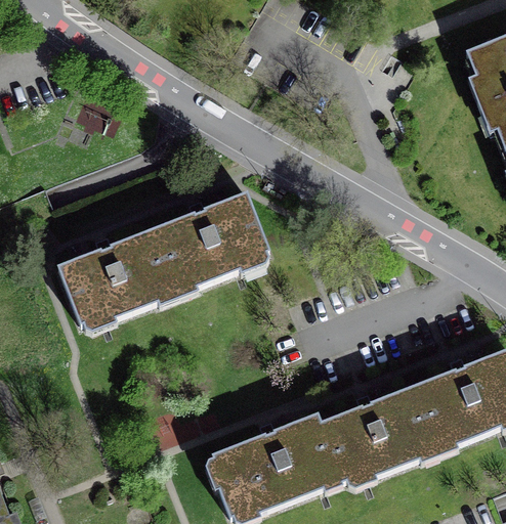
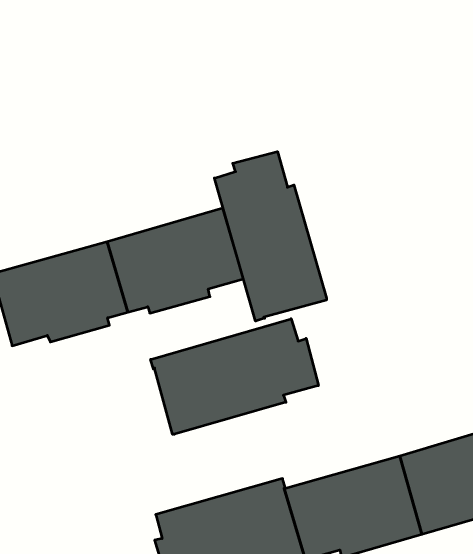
building: none -> [214,152,327,321]
building: none -> [151,319,318,434]

